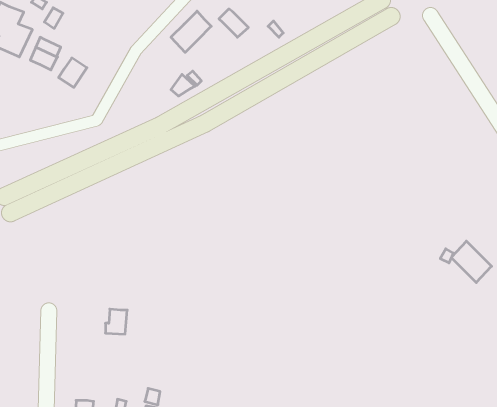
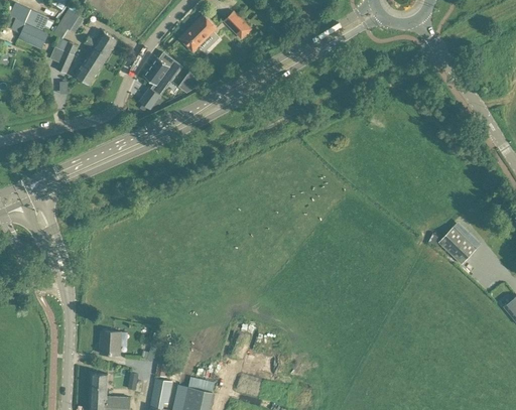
building: none -> [85,30,118,65]
building: none -> [139,52,181,109]
building: [105,309,127,334] -> [101,330,121,354]

